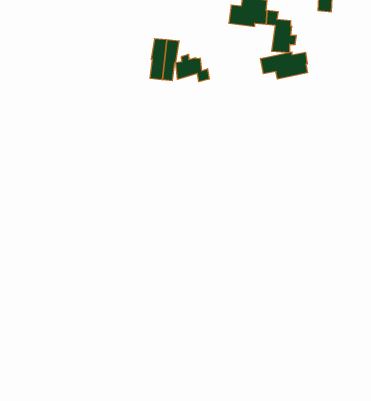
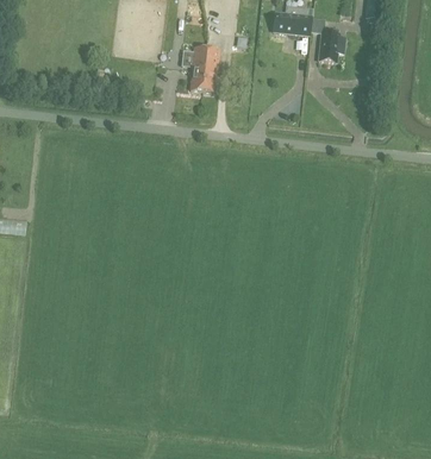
building: [261,52,307,79] -> none
building: [176,54,209,82] -> none

